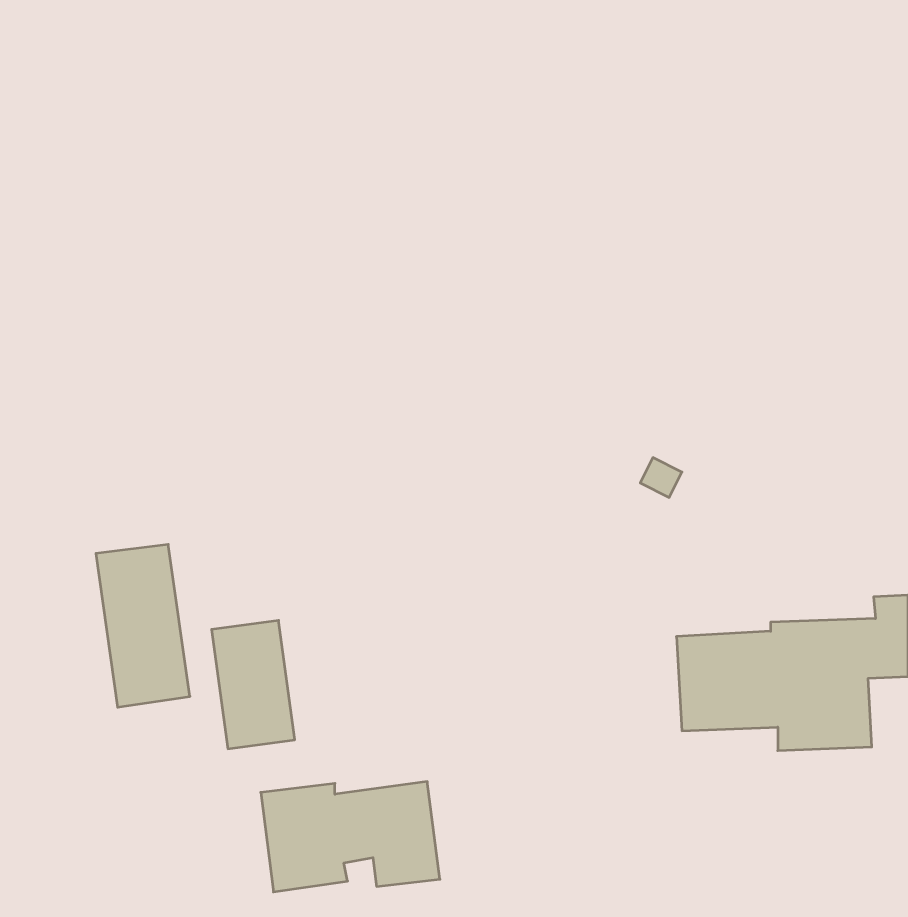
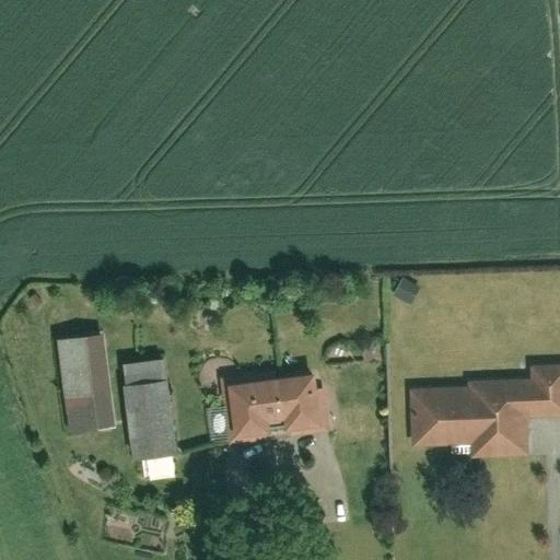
building: none -> [125,359,168,385]
building: [261,782,440,892] -> [219,372,327,439]

